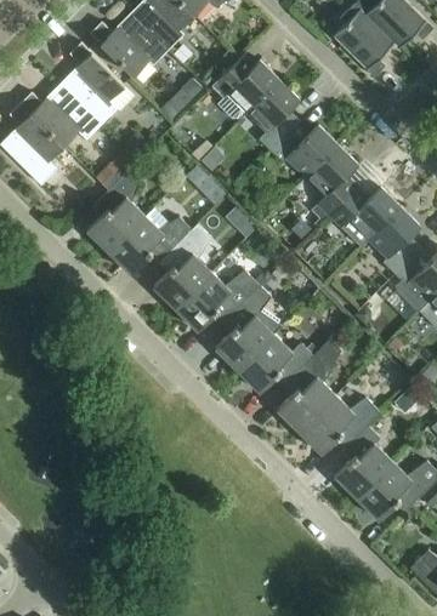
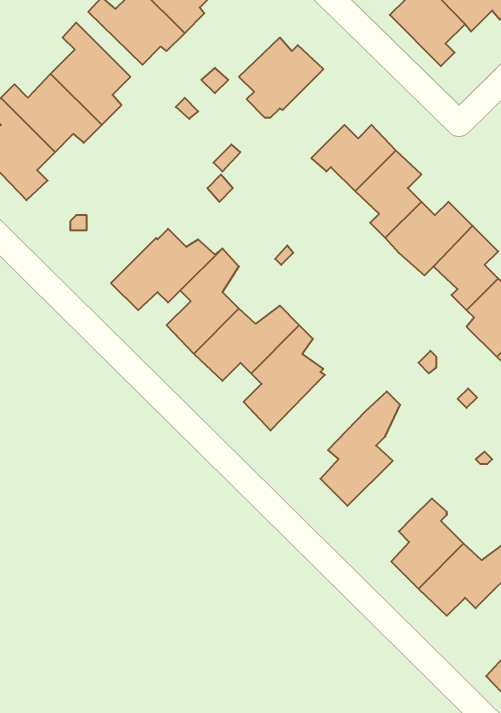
building: [246,79,300,150] -> none
building: [86,170,144,251] -> none
building: [237,332,313,392] -> none
building: [299,394,380,454] -> none

